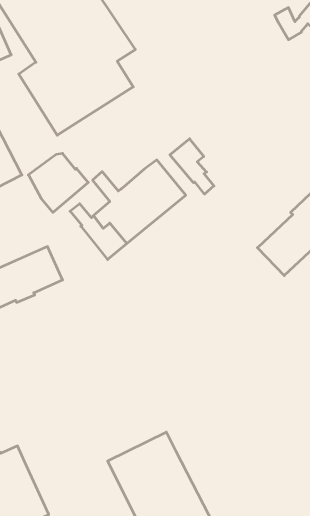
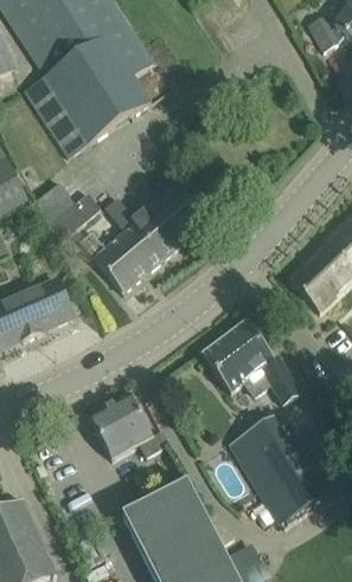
building: [170,139,214,194] -> none
building: none -> [201,321,301,402]
building: none -> [88,394,168,459]
building: none -> [229,415,322,522]

